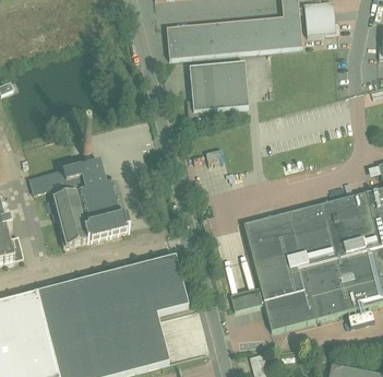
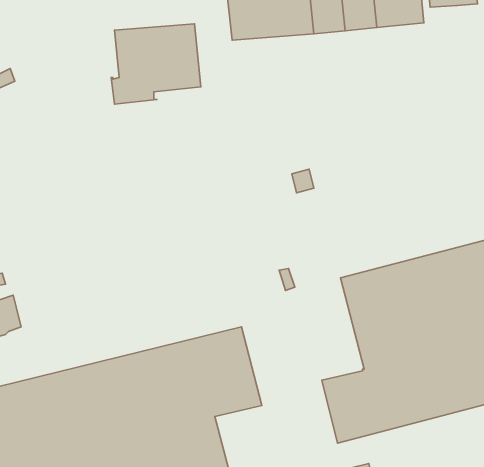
building: [185,60,248,116] -> [111,24,201,104]
building: [28,142,129,245] -> none

